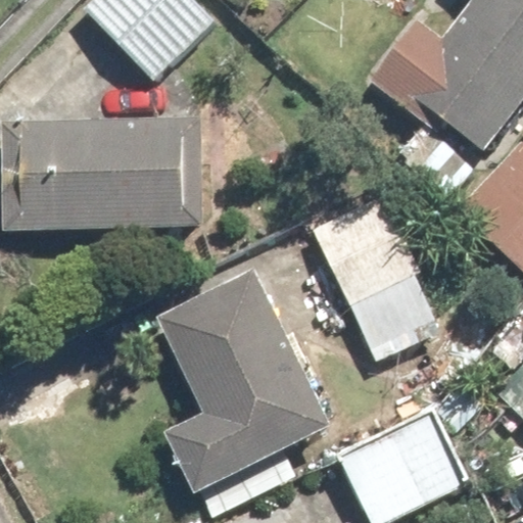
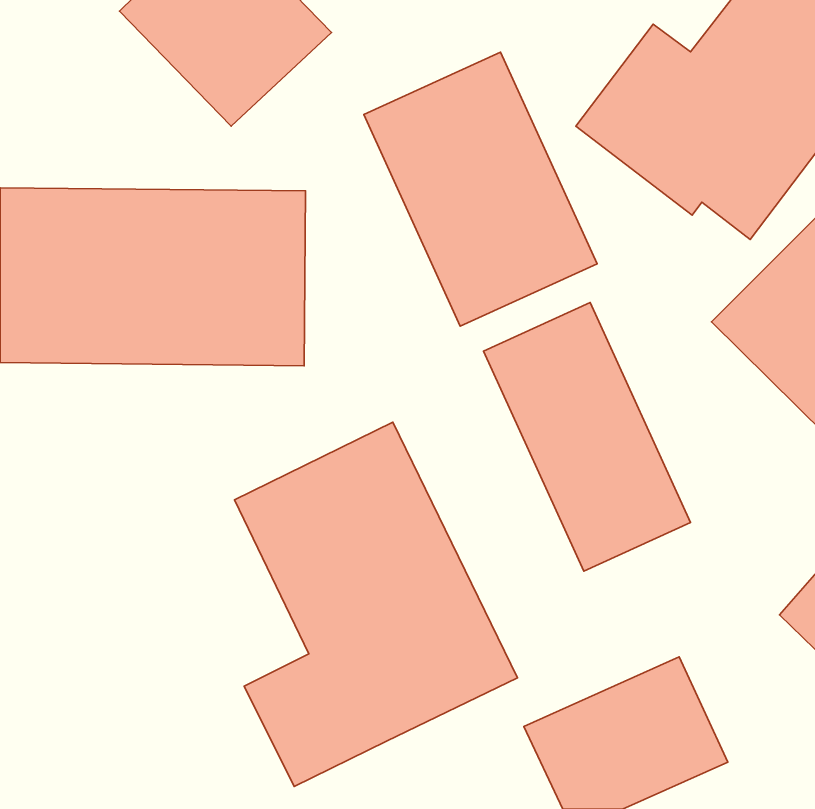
building: none -> [364,52,597,326]

